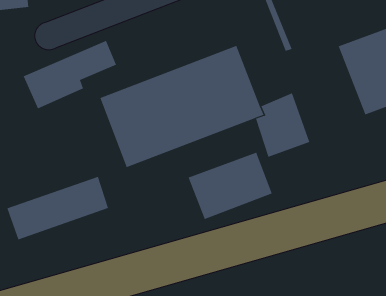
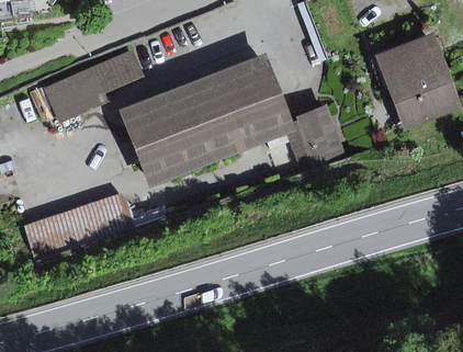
building: [188,152,272,220] -> none

